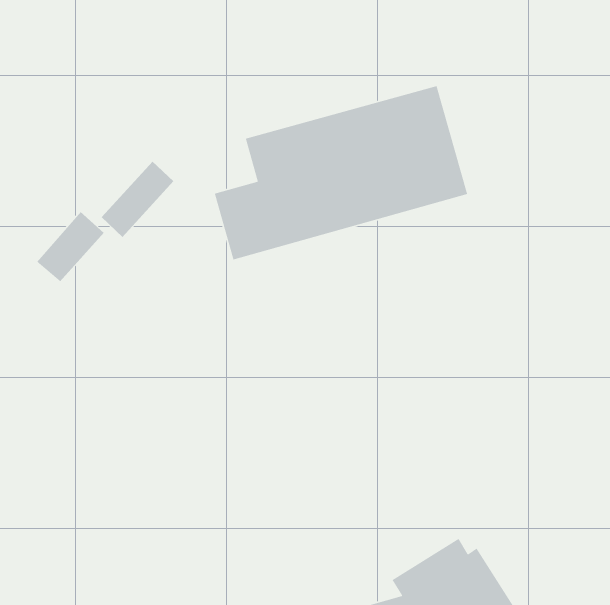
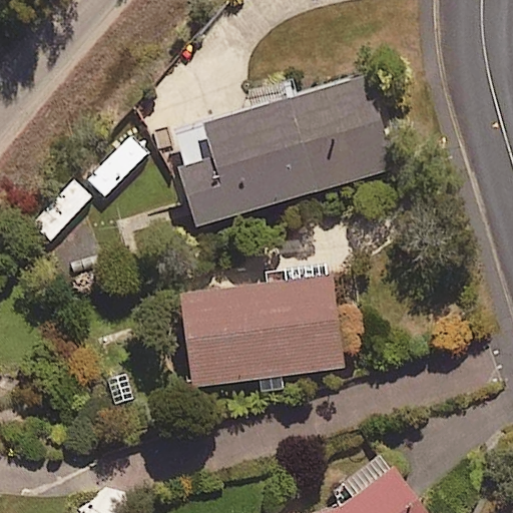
building: none -> [180,277,342,388]

